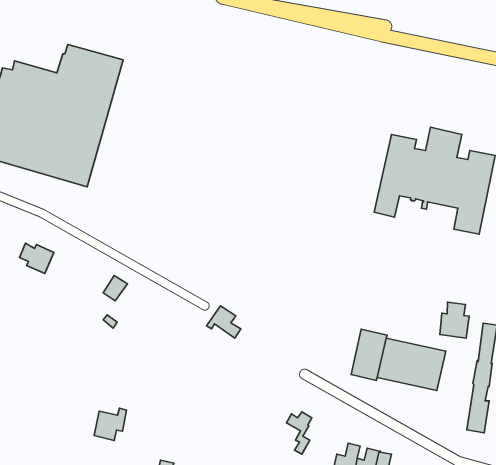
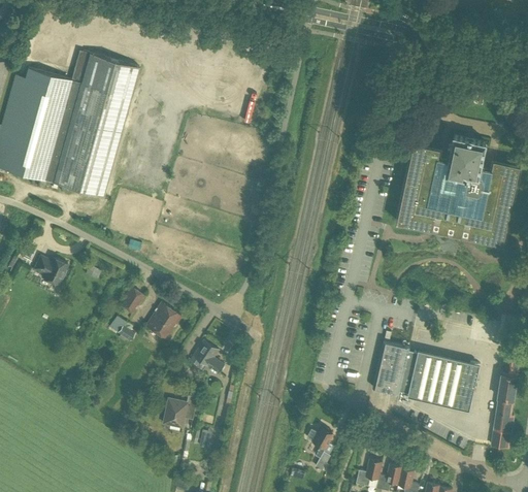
building: none -> [144,303,180,340]
building: [440,302,469,338] -> none
building: [207,306,241,338] -> [189,341,224,374]
building: [94,408,126,440] -> [163,396,196,429]

